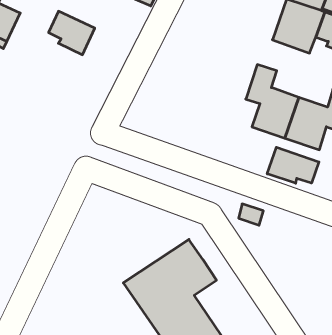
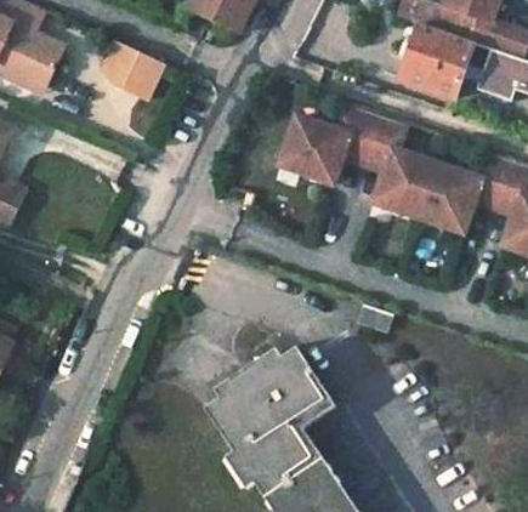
building: none -> [282,98,384,181]
building: [267,147,319,183] -> none

